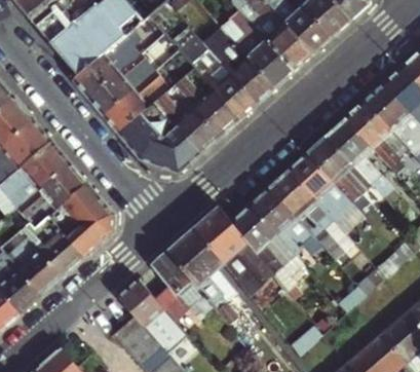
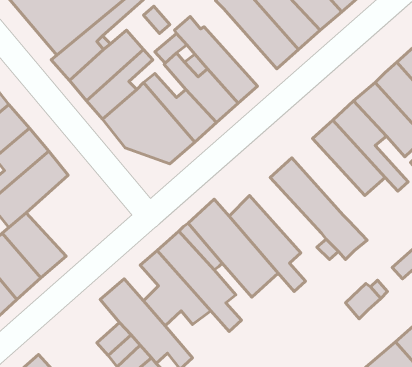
building: [208,33,274,103] -> none
building: [288,150,353,219] -> none
building: [48,183,113,256] -> none
building: [250,185,314,253] -> none

